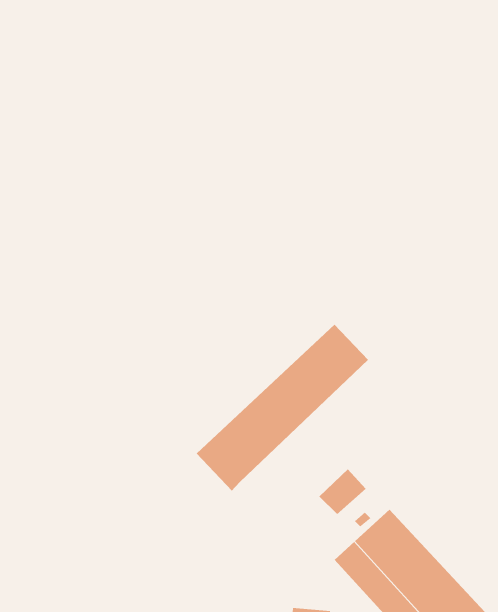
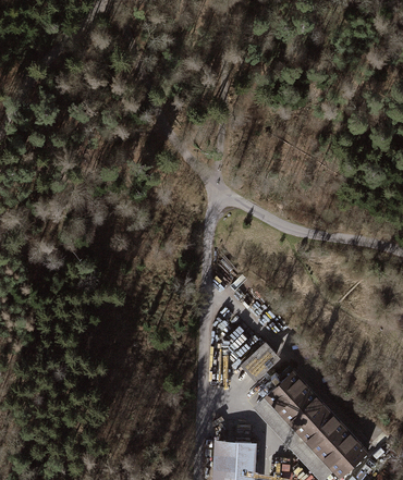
building: [196,324,369,491] -> none

